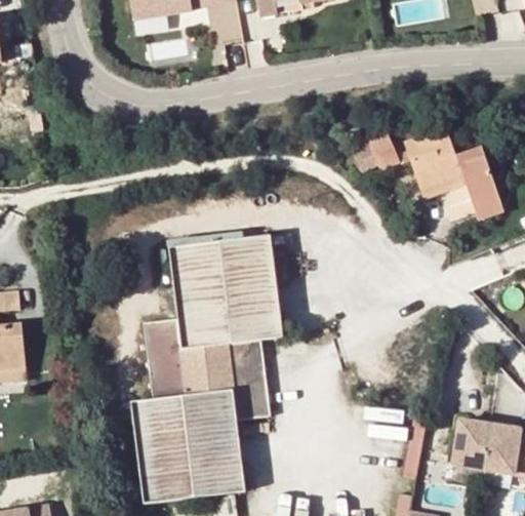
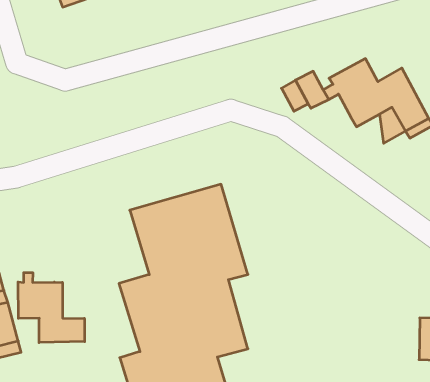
building: none -> [18,273,85,343]

